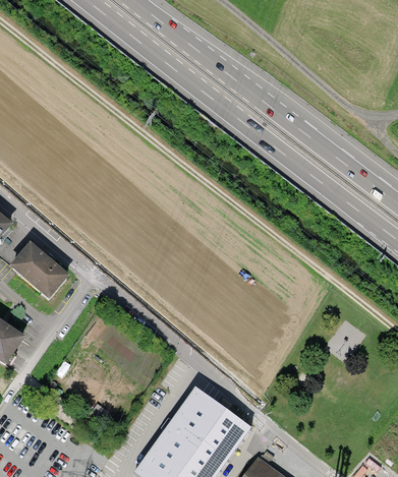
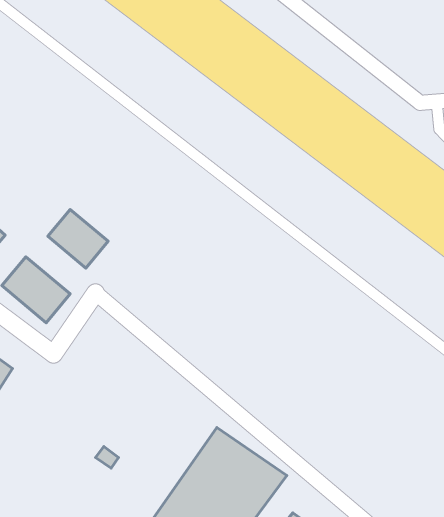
building: none -> [48,209,108,268]

